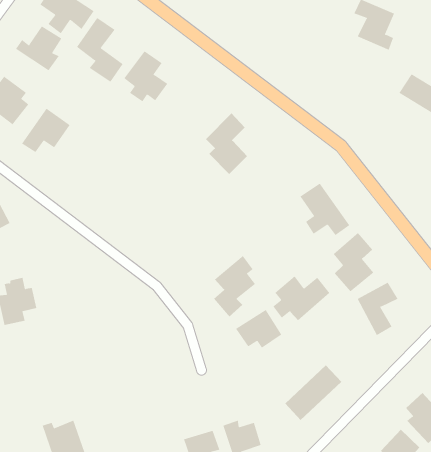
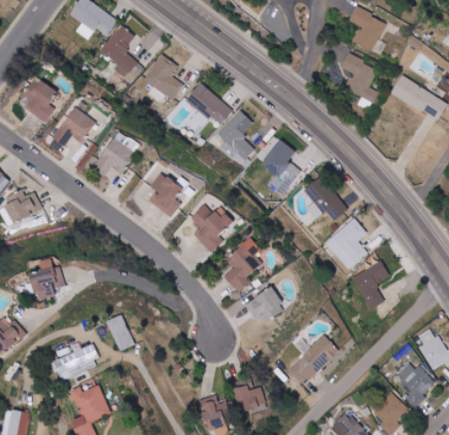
building: [15,26,62,71] -> none
building: none -> [341,55,378,110]
building: none -> [184,82,232,128]
building: none -> [92,131,140,177]
building: none -> [262,141,301,197]
building: none -> [148,173,182,216]
building: none -> [191,204,234,253]
building: [272,275,330,321] -> none
building: none -> [107,316,135,352]
building: none -> [51,343,102,380]

